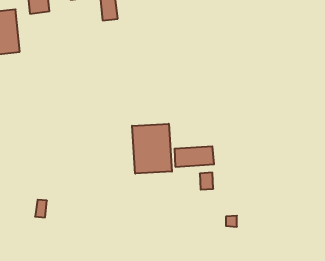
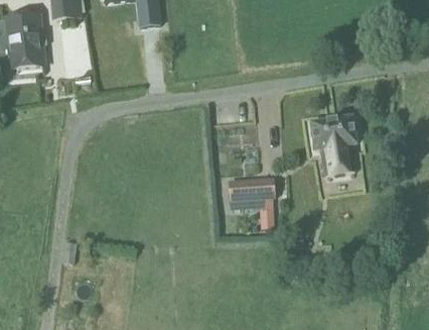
building: none -> [310,118,354,176]
building: [132,124,172,174] -> none

